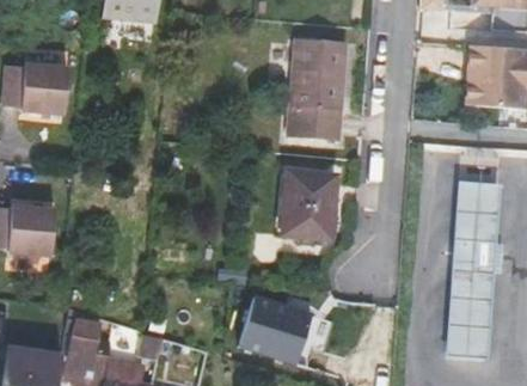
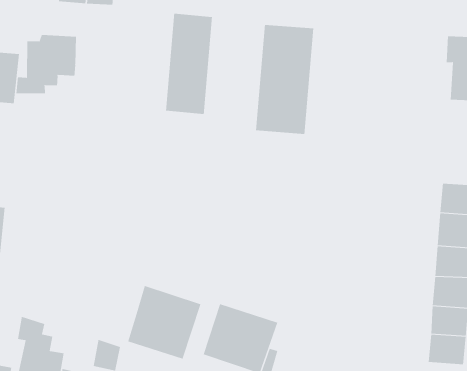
building: none -> [166,13,212,115]
building: none -> [16,34,76,94]
building: [282,172,336,239] -> none
building: none -> [127,285,201,359]

